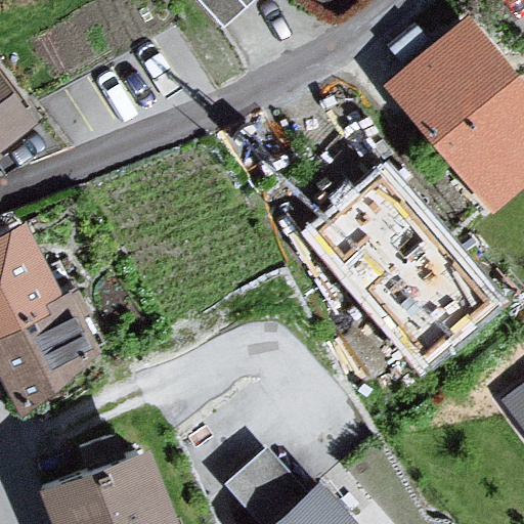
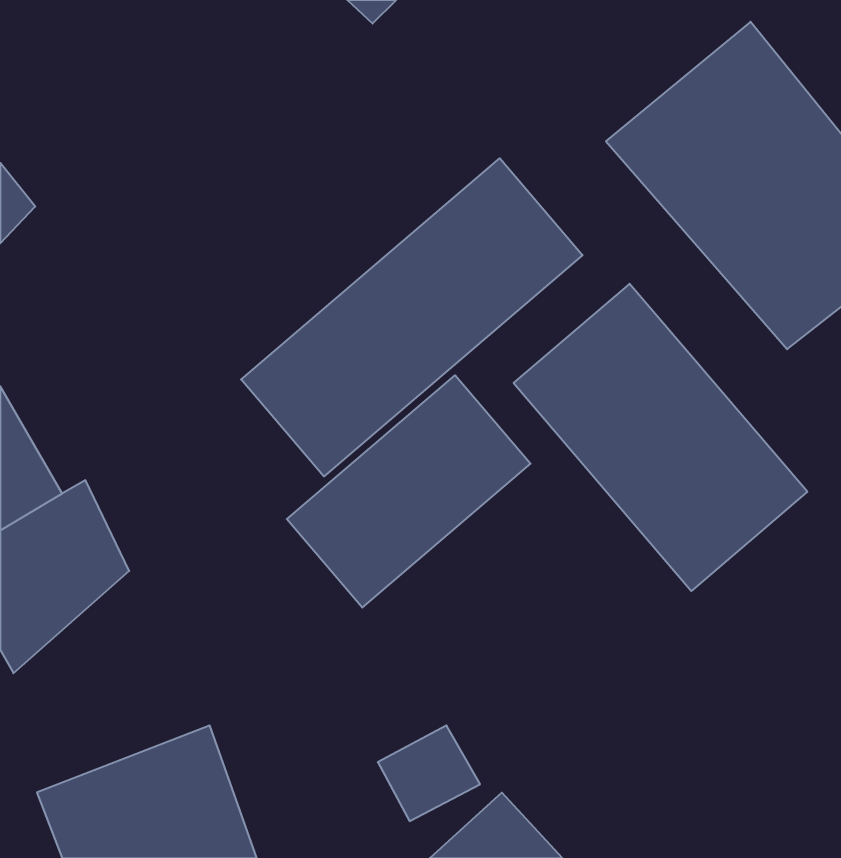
building: none -> [241,158,583,476]
building: none -> [287,375,531,608]

